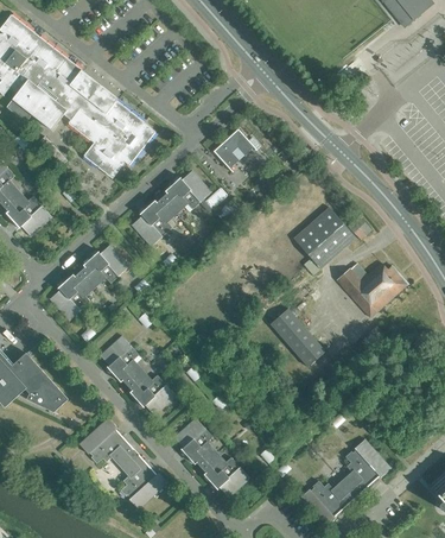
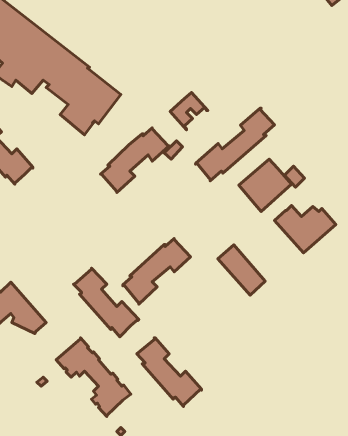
building: none -> [196,108,275,181]
building: [49,243,128,321] -> [123,239,190,304]
building: [298,438,390,527] -> none

